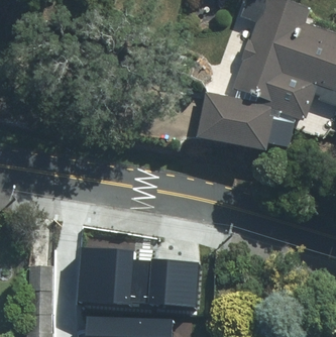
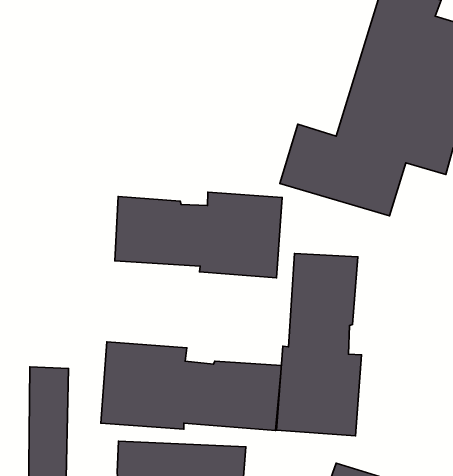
building: none -> [115,192,282,278]
building: none -> [277,254,361,436]

